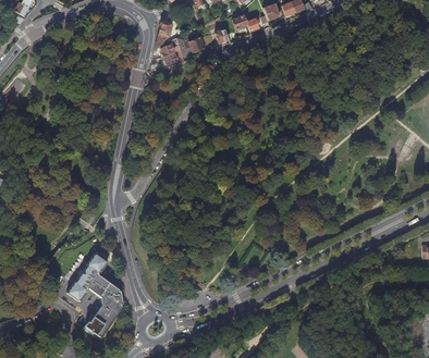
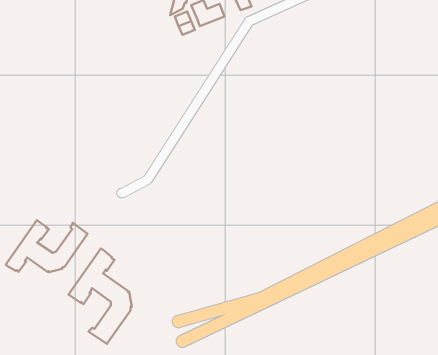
building: none -> [6,220,88,272]

